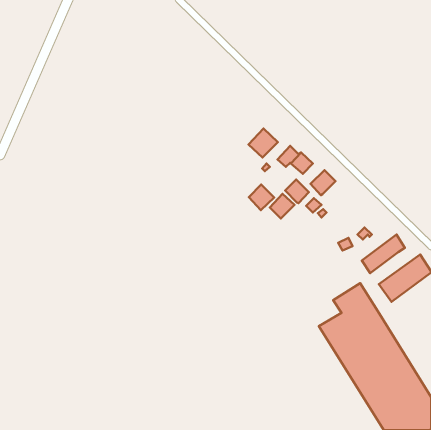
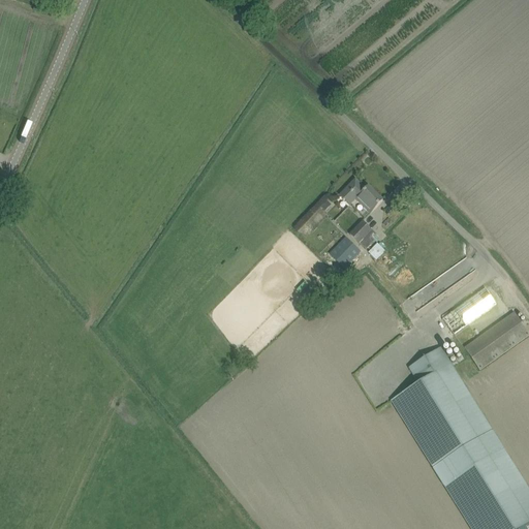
building: [249,128,278,158] -> none
building: [311,170,336,195] -> none
building: [249,185,274,210] -> none

